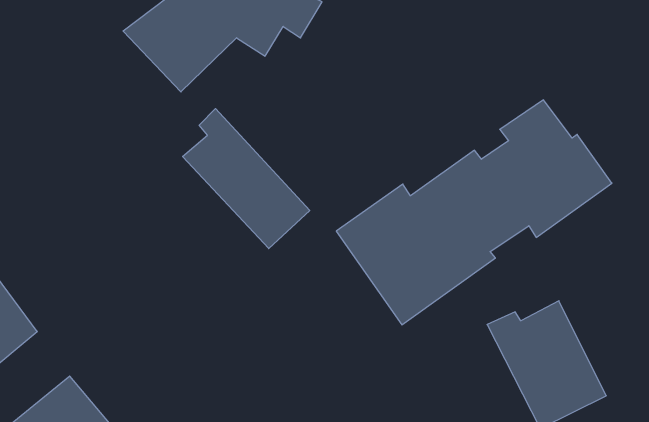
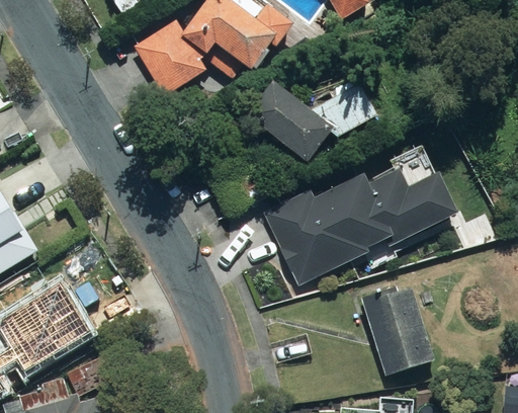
building: none -> [261,76,381,161]
building: [183,109,310,249] -> none

